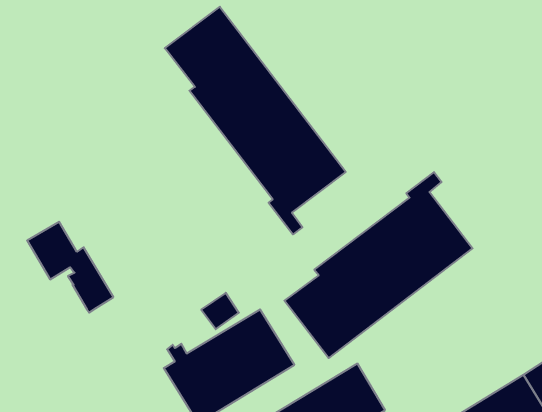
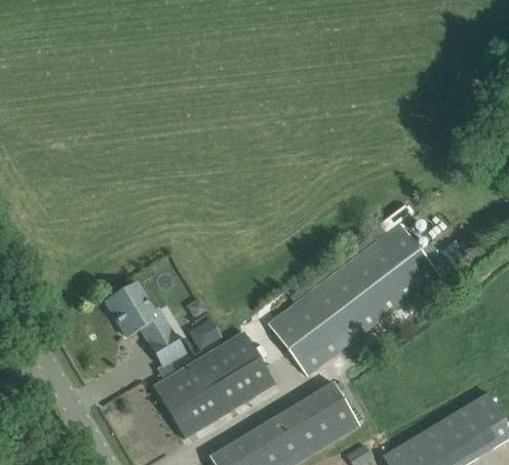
building: [165,7,346,234] -> none
building: [27,222,113,313] -> [107,283,187,367]

